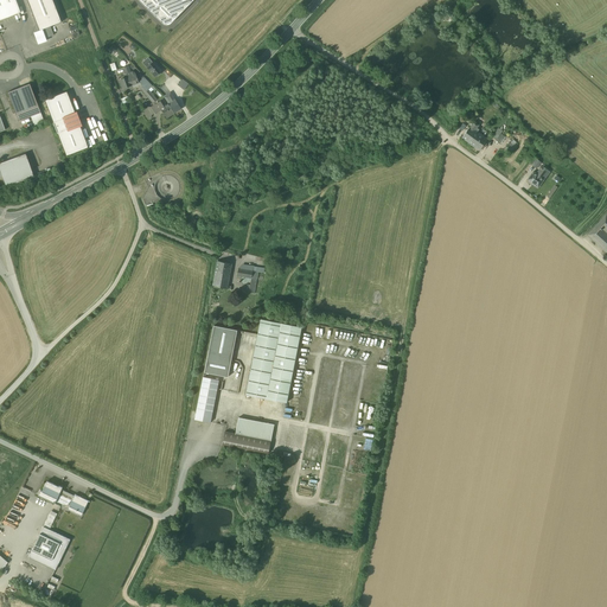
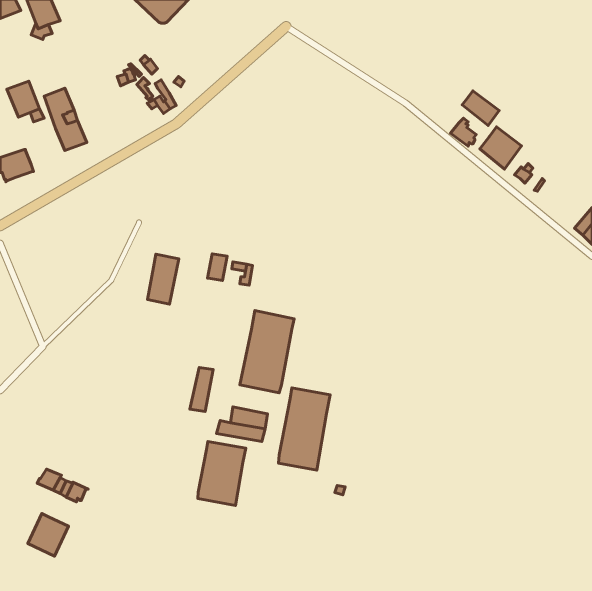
building: none -> [462,91,499,125]
building: none -> [480,127,522,169]
building: [205,325,237,376] -> [148,254,179,304]
building: none -> [278,388,330,470]
building: none -> [198,442,246,505]

